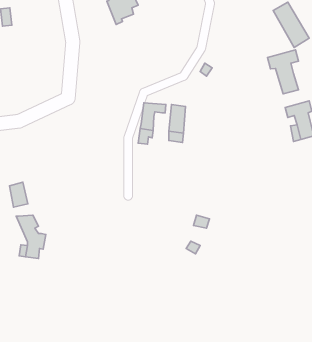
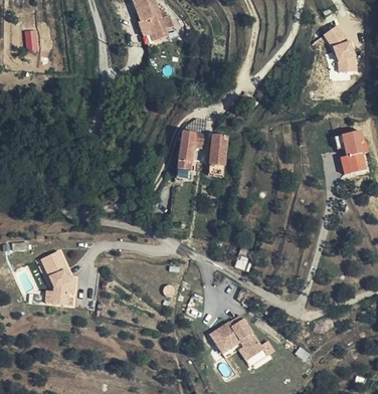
building: [267,50,298,94] -> none
building: [10,182,28,207] -> none
building: none -> [210,317,261,362]

